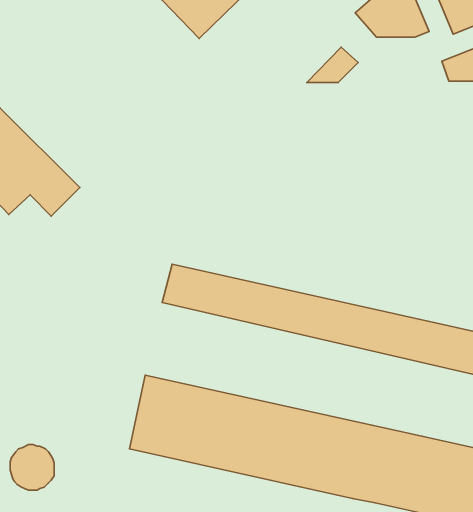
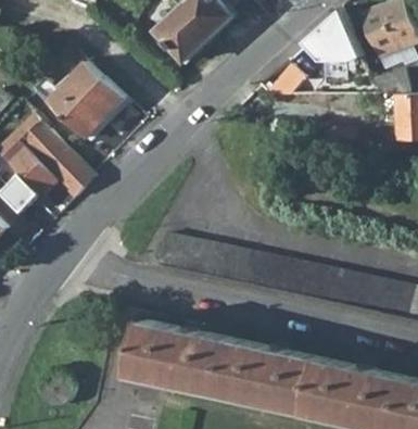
building: none -> [47,61,122,138]

